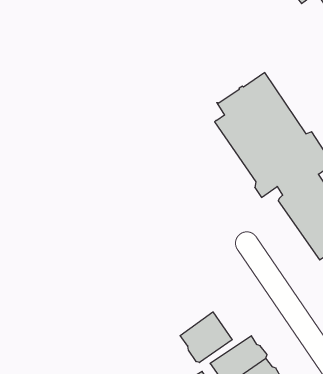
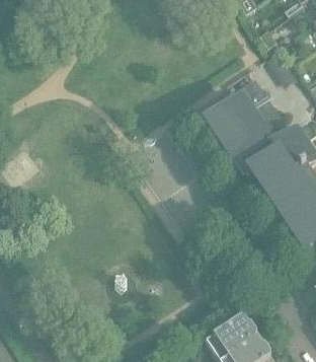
building: [180,312,232,363] -> none

